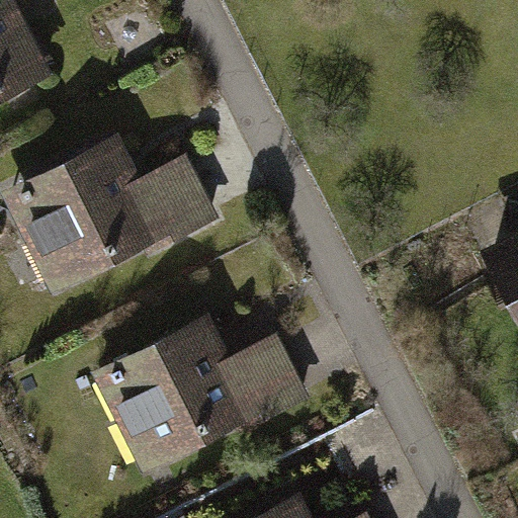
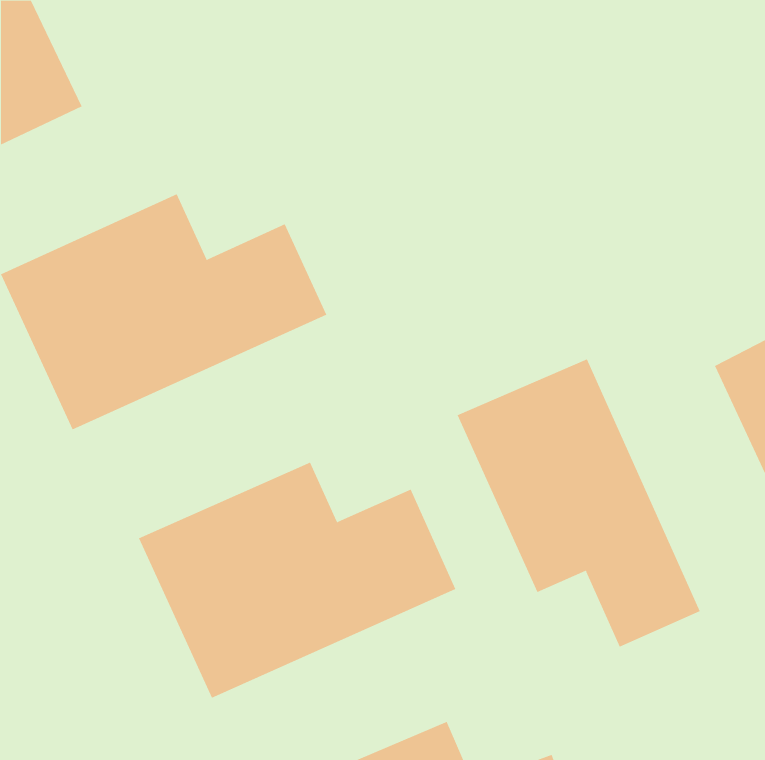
building: none -> [457,358,700,648]

